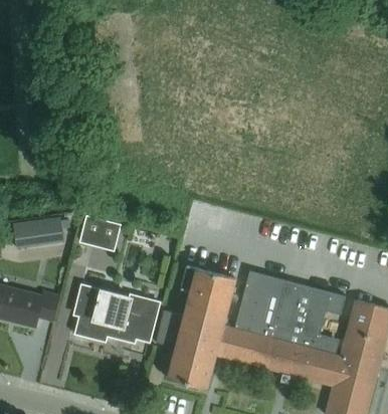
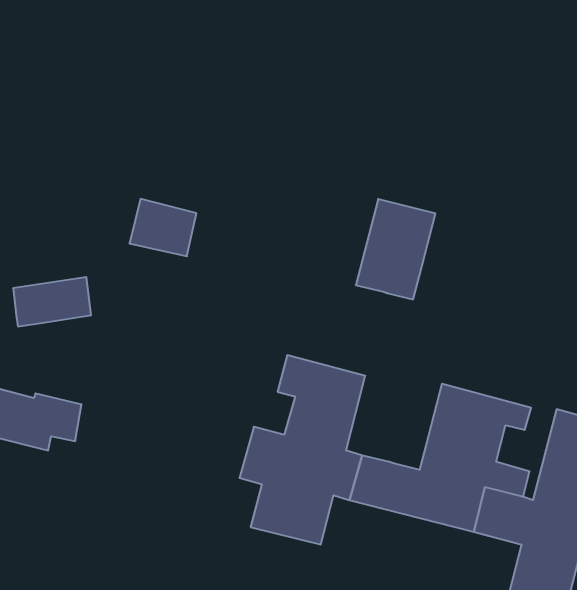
building: [79,215,122,251] -> [129,199,196,256]
building: [234,274,284,338] -> [356,199,435,299]
building: [80,285,159,342] -> none

